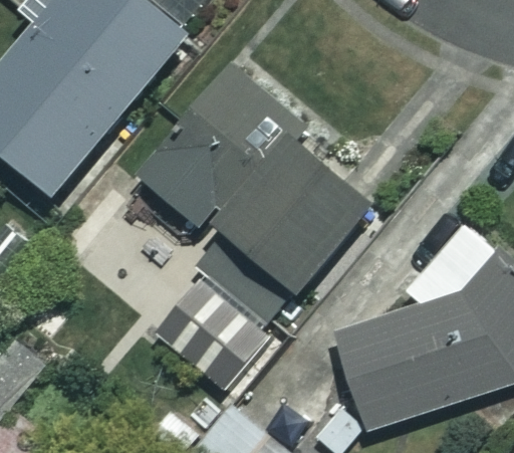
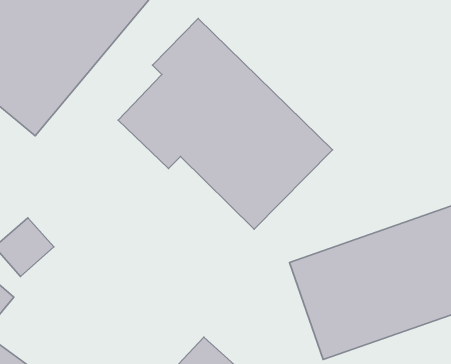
building: [155,283,272,398] -> none

